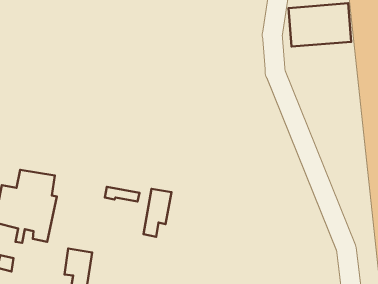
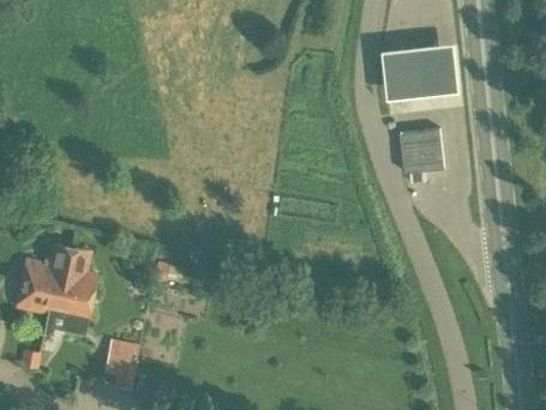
building: none -> [400,129,444,175]
building: [144,189,171,237] -> none

